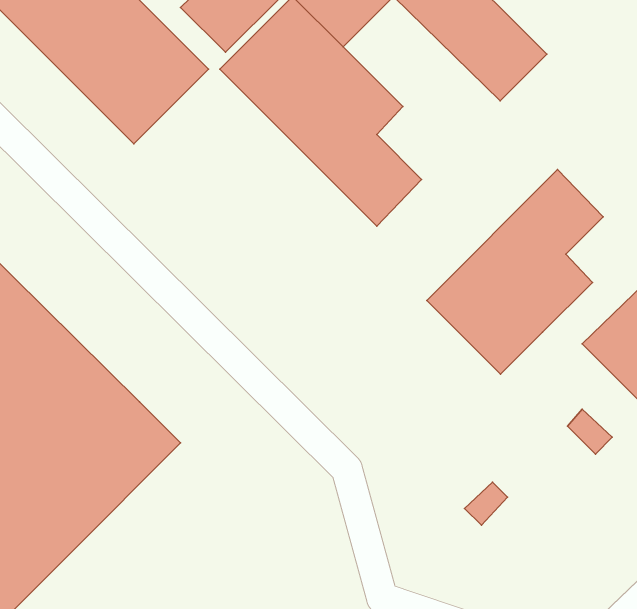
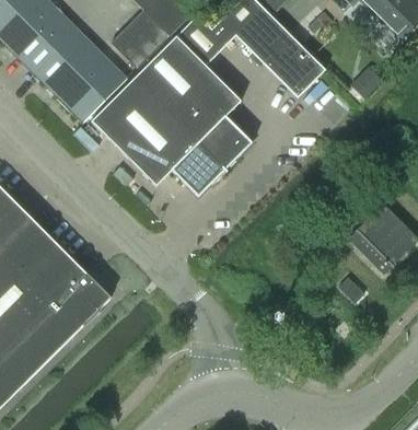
building: none -> [91,78,225,196]
building: [427,170,603,374] -> none

